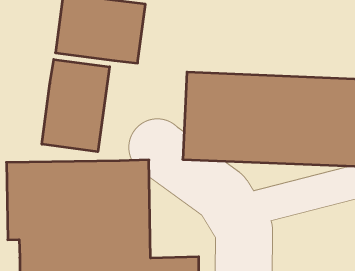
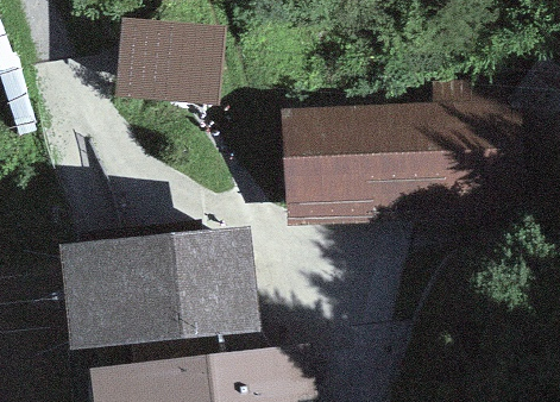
building: [42,59,110,152] -> none

